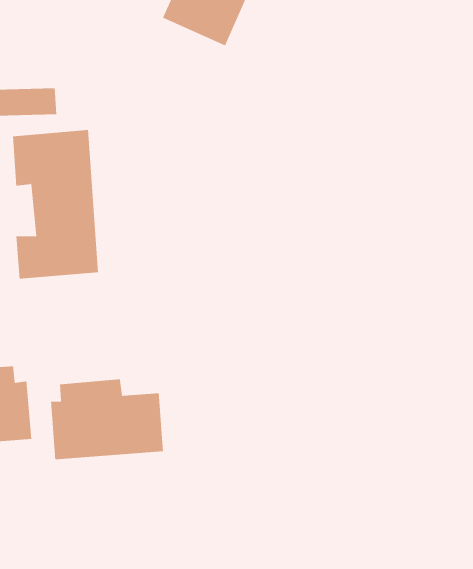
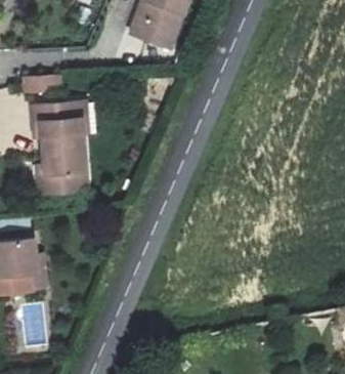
building: [50,379,163,460] -> none

